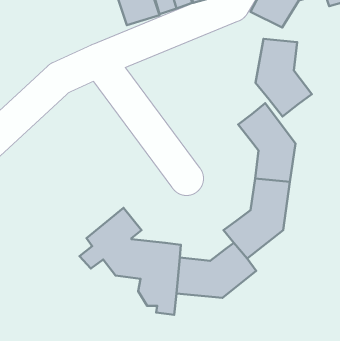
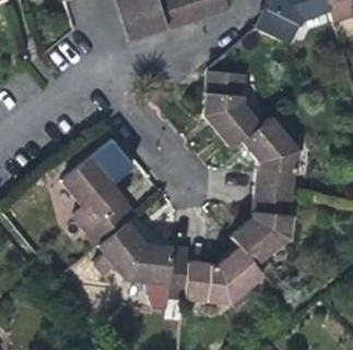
building: [256,39,312,117] -> [200,72,255,147]
building: none -> [56,140,139,246]

